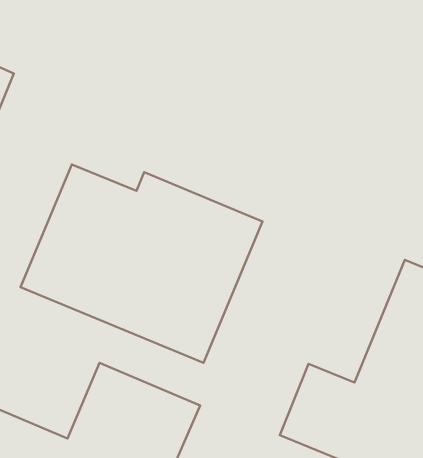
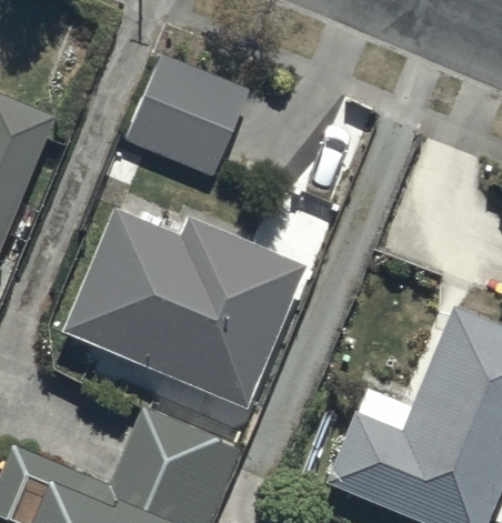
building: none -> [128,56,249,178]

